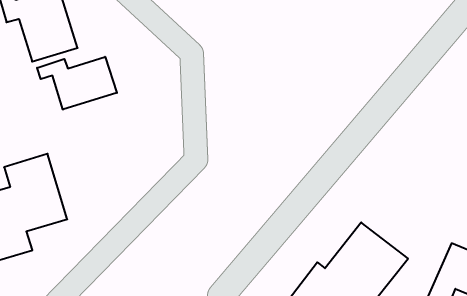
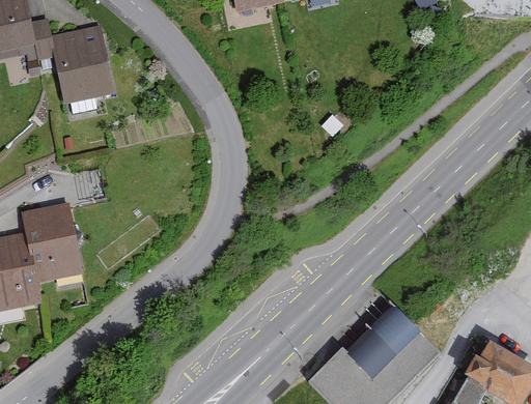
building: [37,57,117,110] -> none

